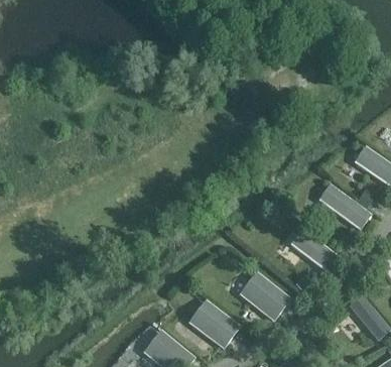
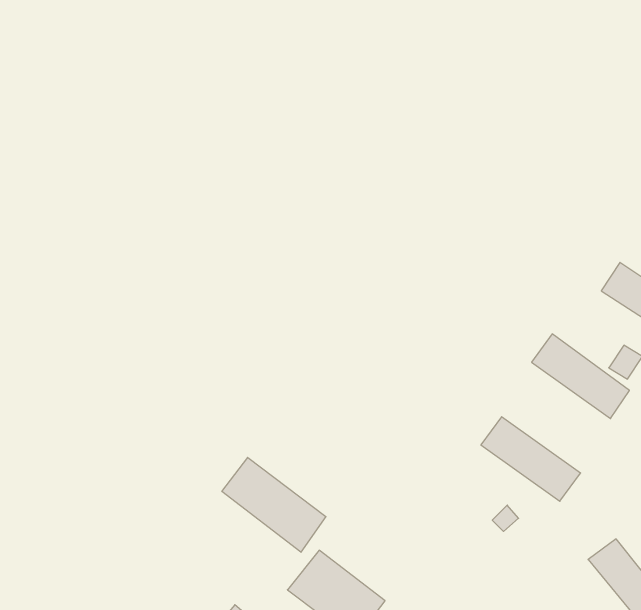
building: none -> [222,457,326,552]
building: [241,273,290,321] -> none

